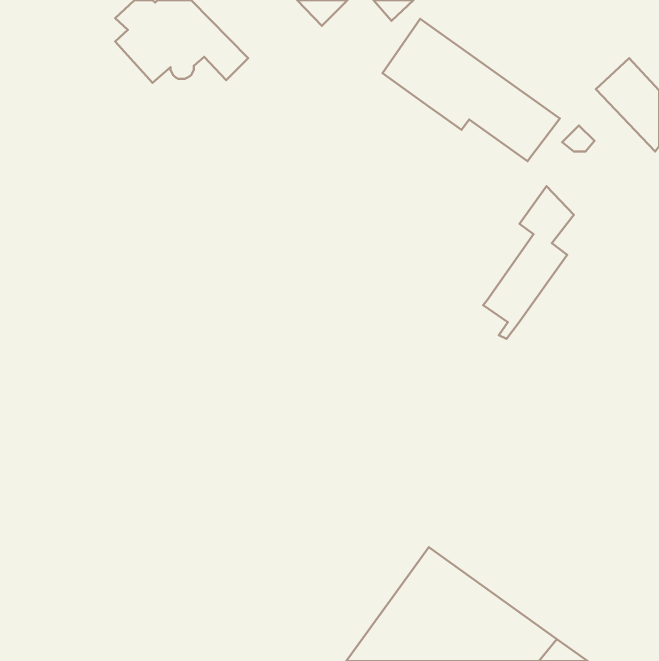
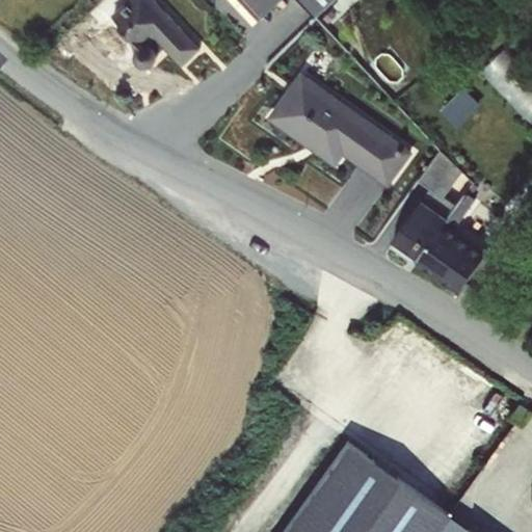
building: [383,19,560,161] -> [271,72,414,186]
building: none -> [417,191,486,291]

